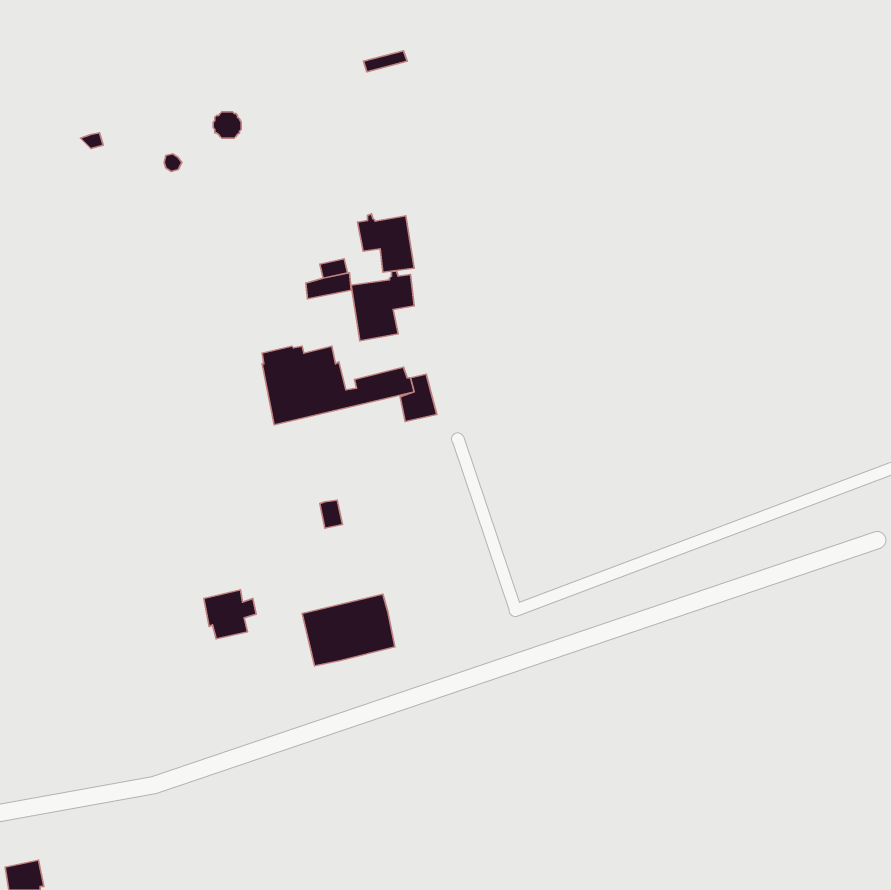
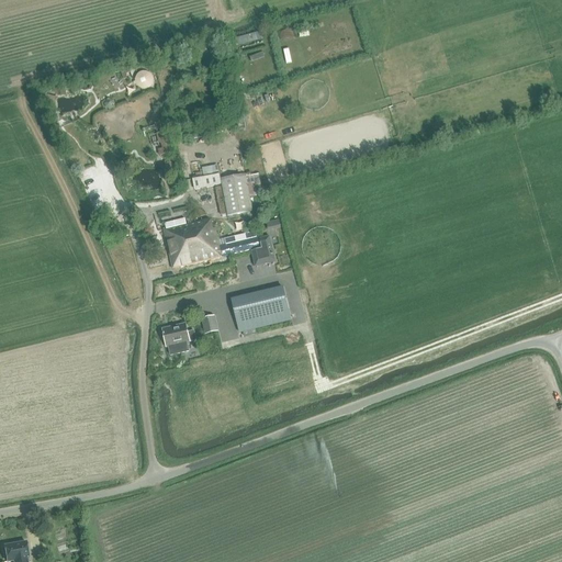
building: [358,214,414,272] -> none
building: [204,590,256,639] -> [161,323,194,353]
building: [302,594,395,666] -> [231,285,289,330]

